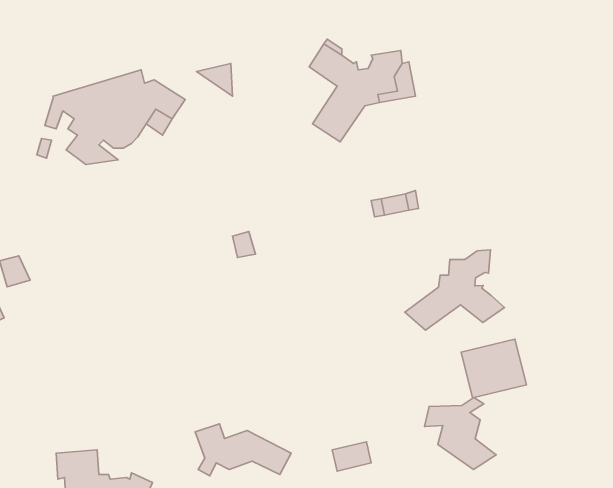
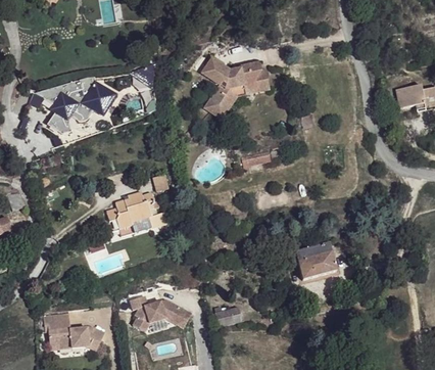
building: [405,250,504,330] -> none
building: none -> [107,192,164,235]
building: [424,397,496,470] -> none

